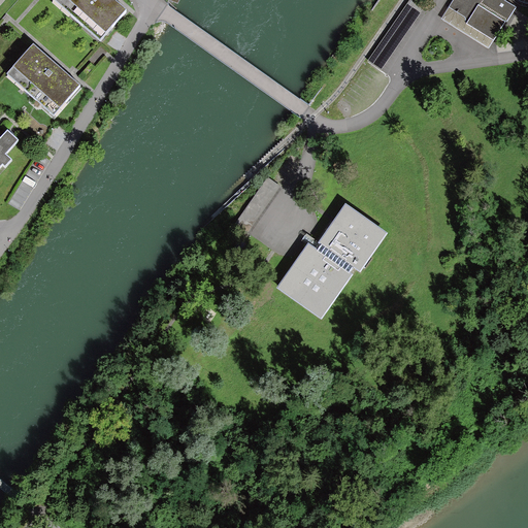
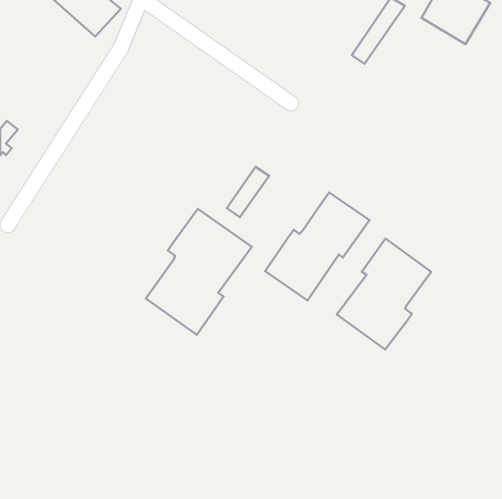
building: [6,42,80,114] -> none
building: none -> [146,209,252,335]
building: none -> [337,239,431,350]

